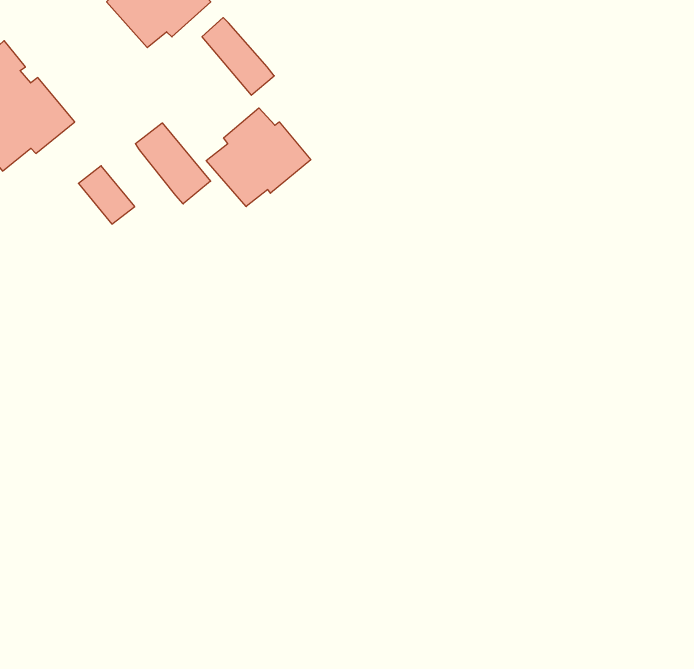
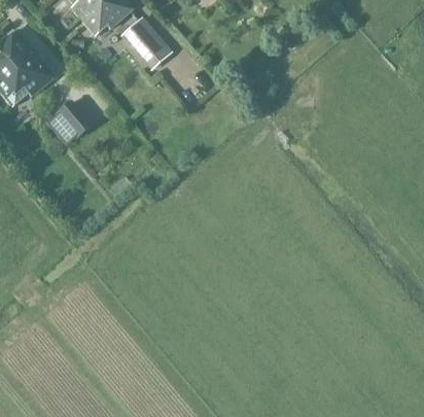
building: [206,108,311,207] -> none
building: [135,123,211,204] -> none

